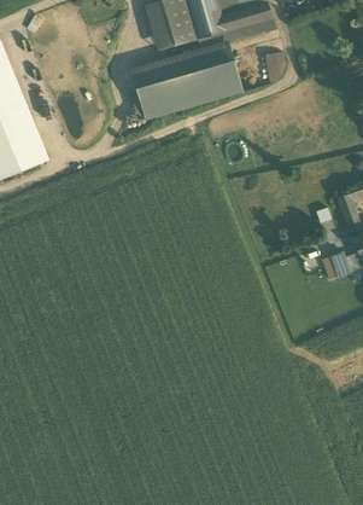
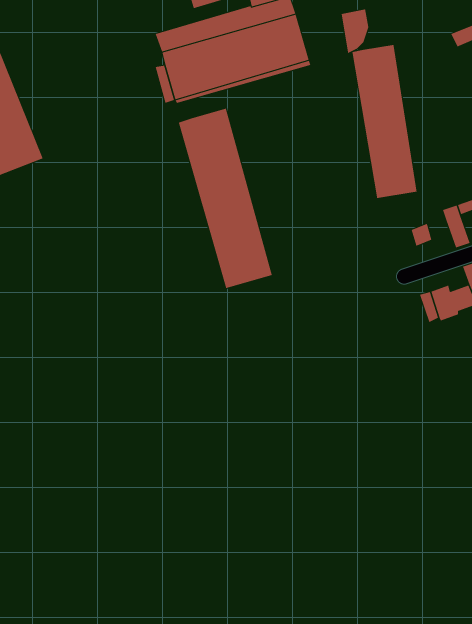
building: none -> [352,44,417,199]
building: none -> [178,108,273,289]

